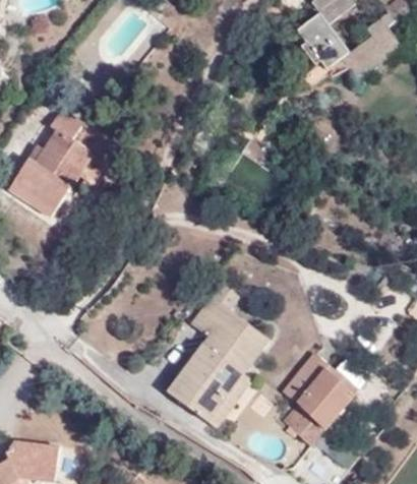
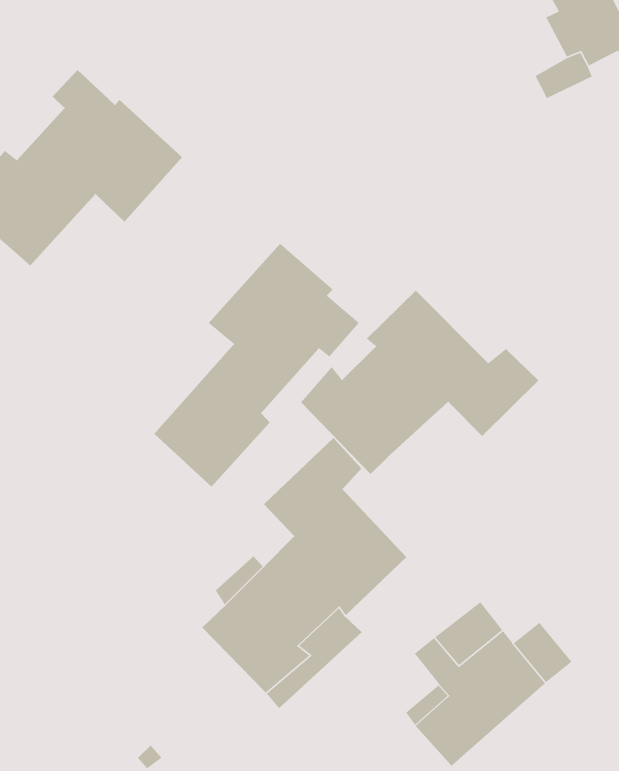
building: none -> [153,243,360,487]
building: none -> [300,290,539,475]

